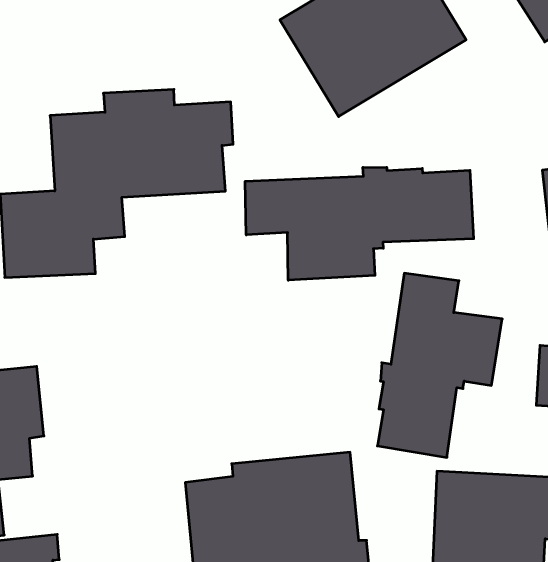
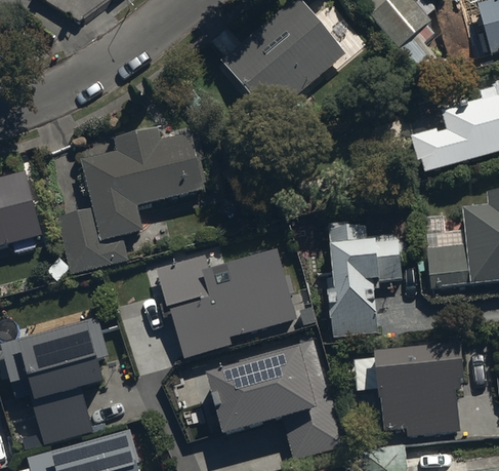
building: [245,167,474,280] -> none
building: none -> [158,254,297,362]

